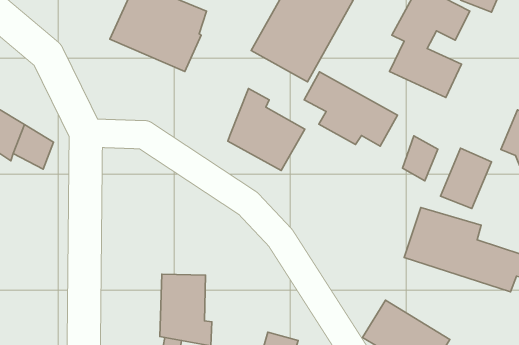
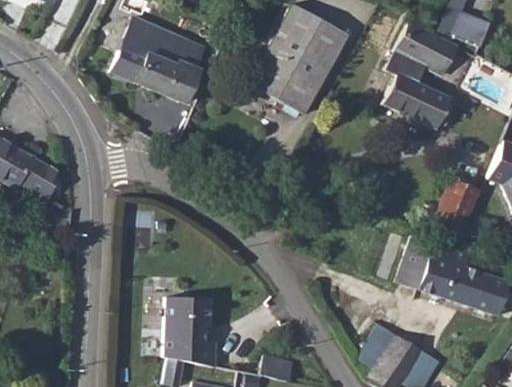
building: [304,72,397,146] -> none
building: [228,89,305,171] -> none
building: [403,136,438,181] -> none

